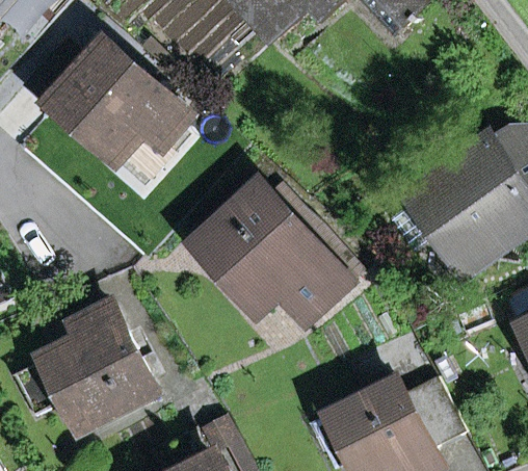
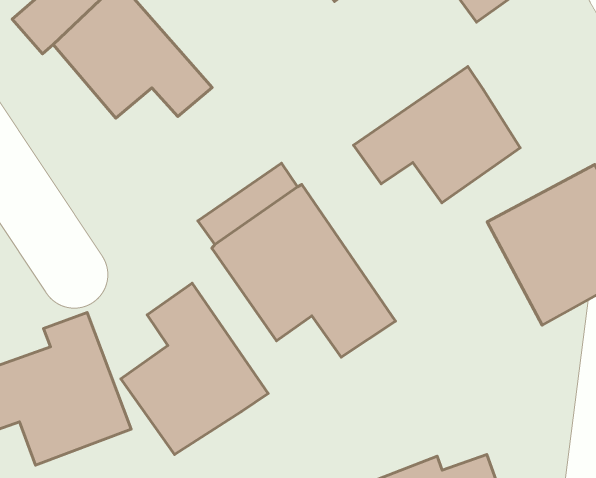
building: none -> [354,67,520,203]
building: none -> [121,283,268,454]

